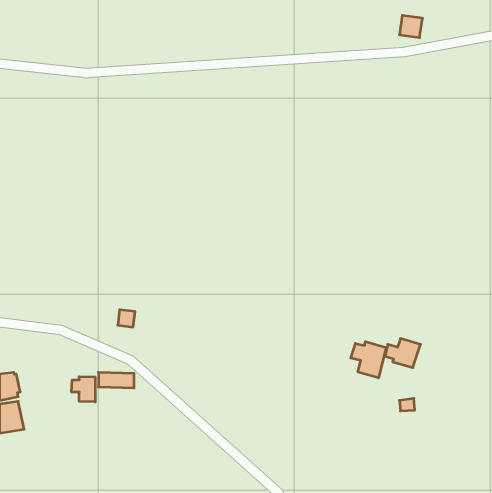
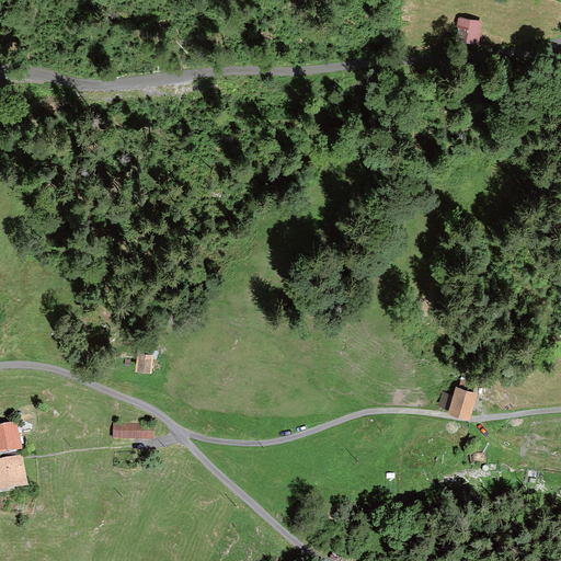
building: [351,342,386,378] -> none
building: [72,377,95,402] -> none

